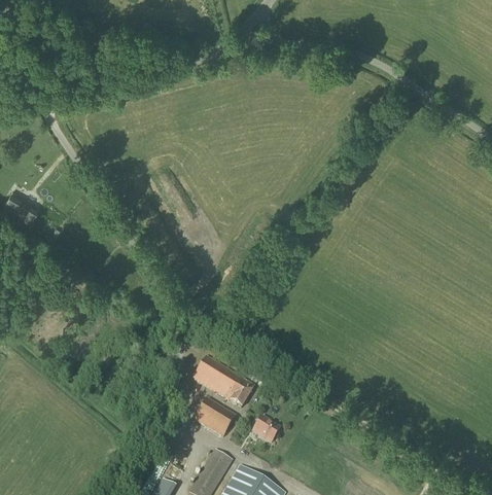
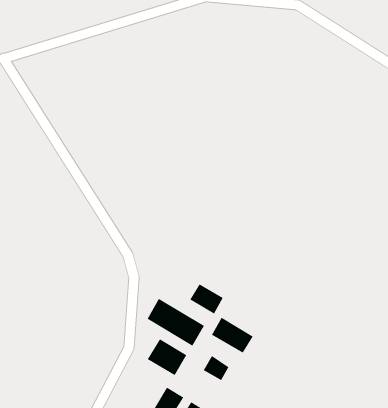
building: none -> [189,284,224,315]
building: none -> [211,317,254,354]

